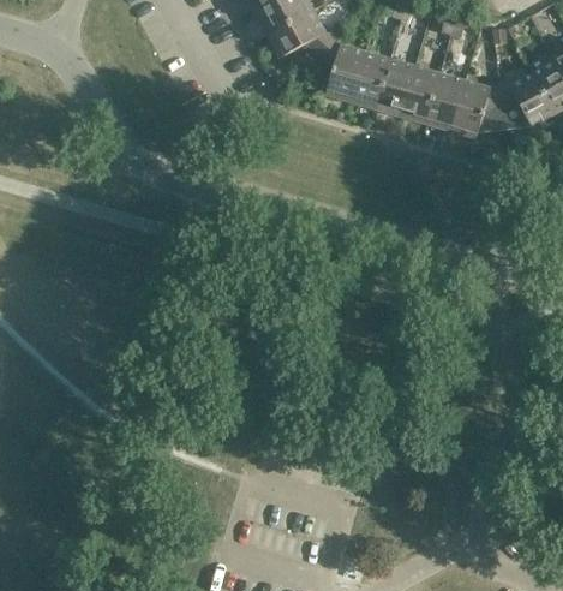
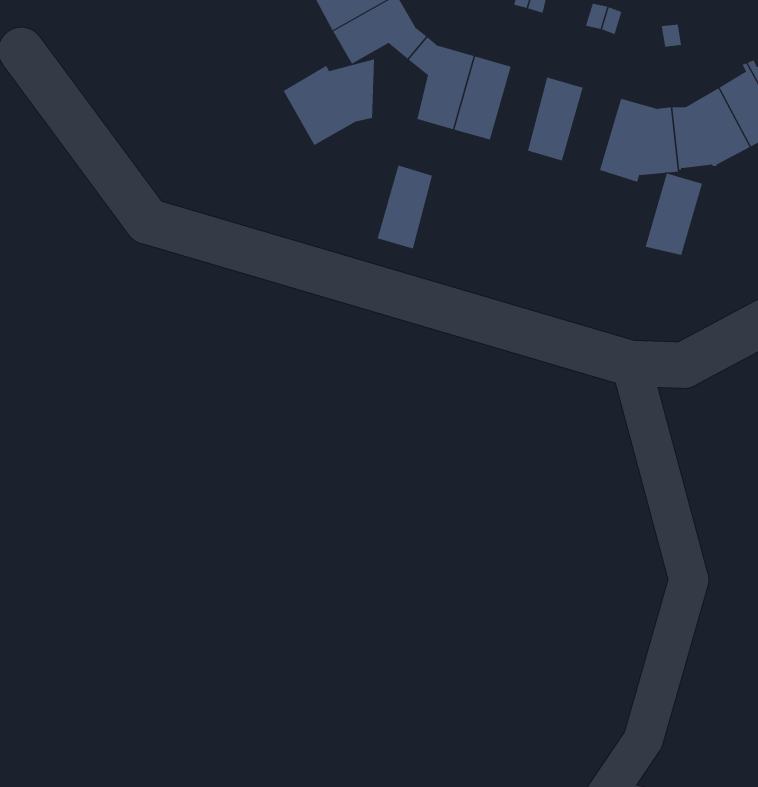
building: none -> [283,59,375,146]
building: [376,59,414,117] -> [377,165,433,249]
building: [425,73,465,130] -> [645,173,703,256]

